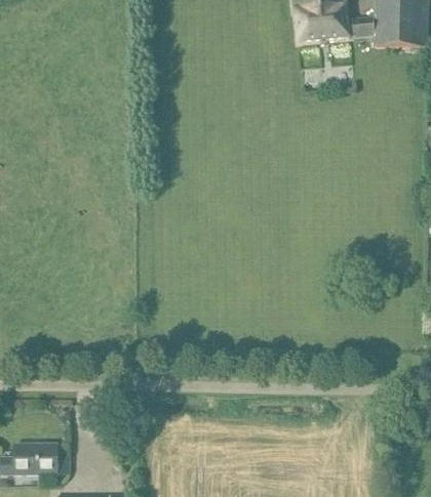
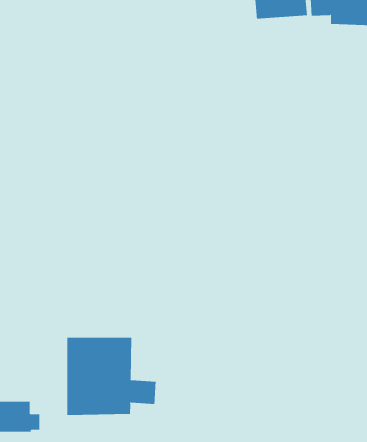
building: none -> [67,337,156,416]

